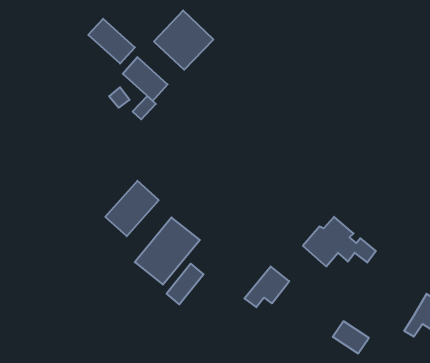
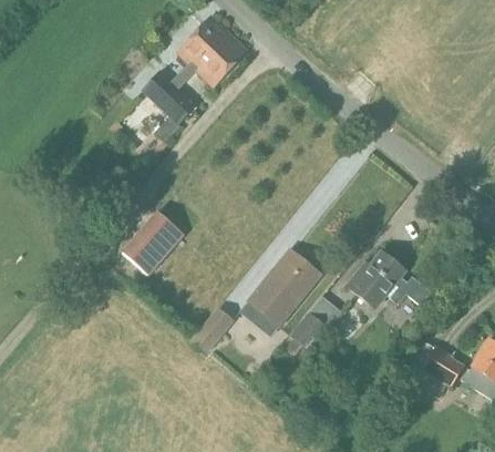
building: [88,19,135,64] -> none
building: [135,217,200,285] -> [247,249,321,326]
building: [333,321,369,353] -> [422,348,463,384]

